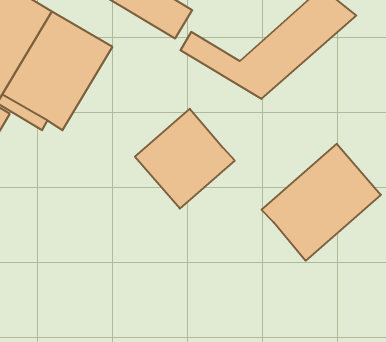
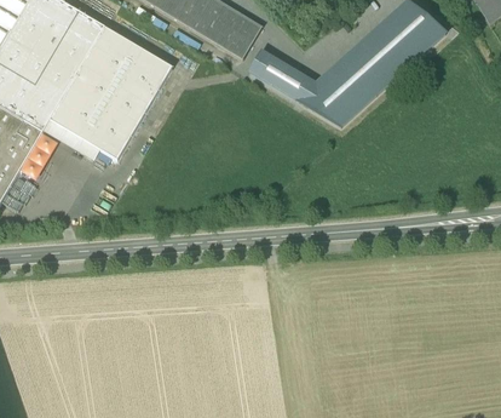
building: [135,109,235,209] -> none
building: [262,144,381,261] -> none

